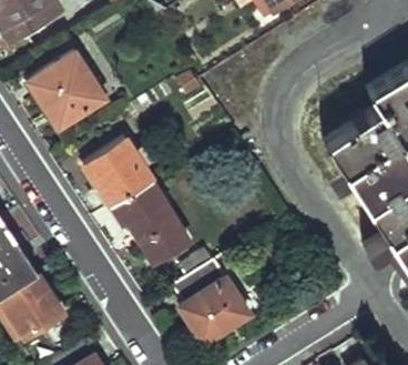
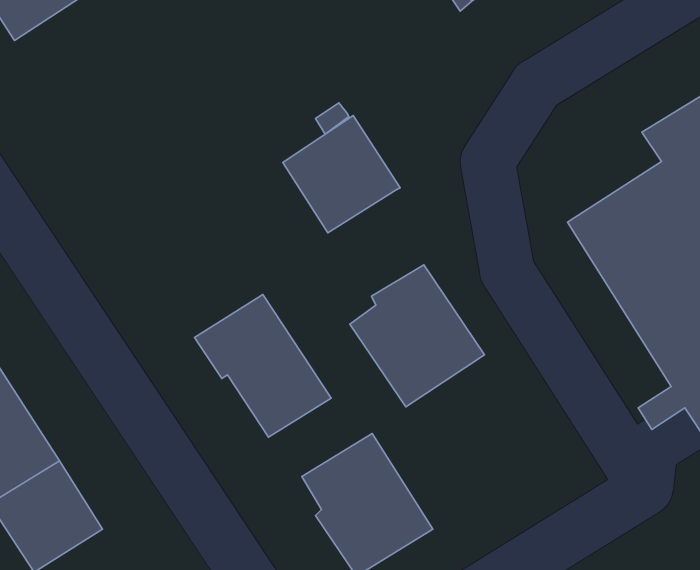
building: [29,50,105,128] -> none
building: [86,140,153,206] -> [283,116,400,233]
building: none -> [350,265,484,407]

